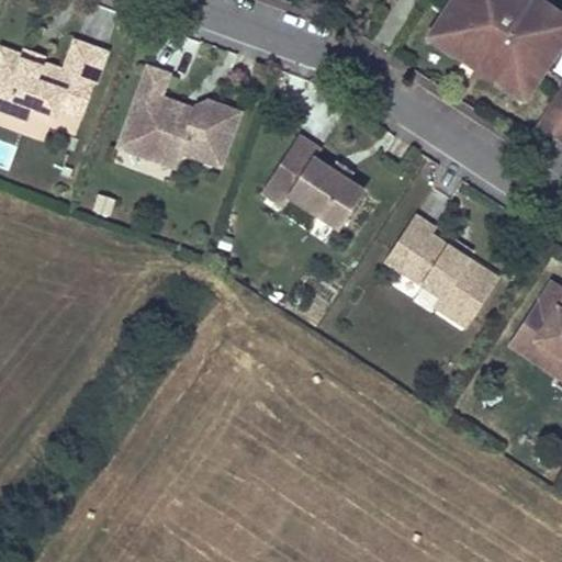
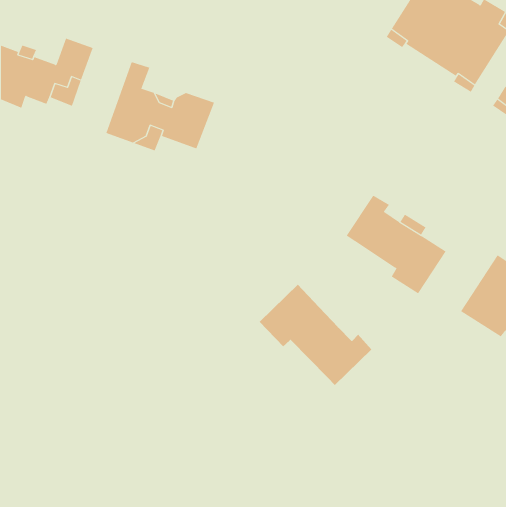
building: [263,136,362,228] -> none
building: none -> [259,284,372,386]

